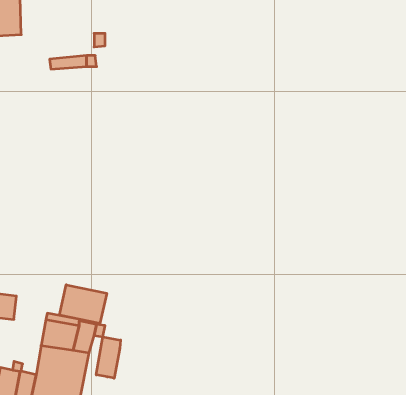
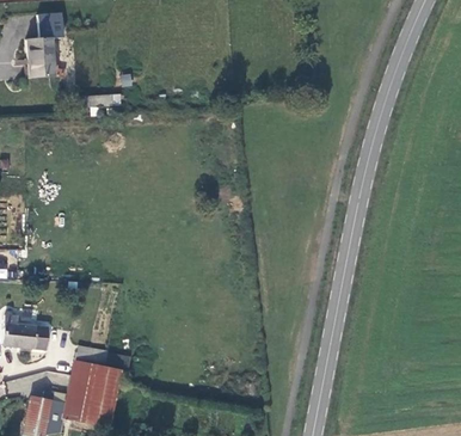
building: [59,285,107,324] -> none
building: [96,337,121,378] -> none

